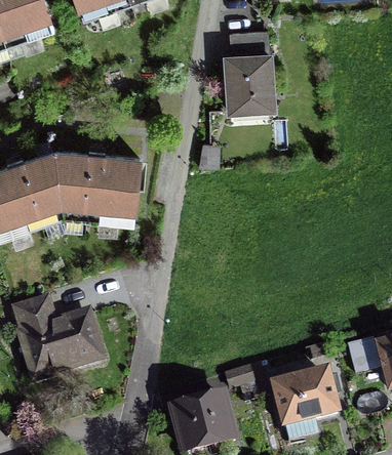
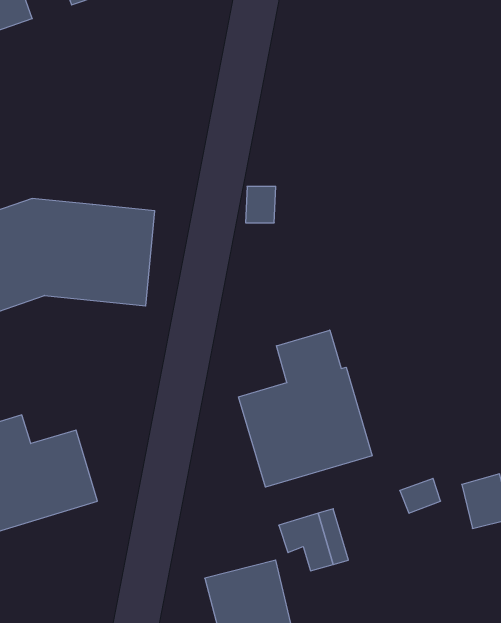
building: [221,28,276,120] -> none
building: none -> [238,330,372,487]
building: [274,373,337,424] -> none

